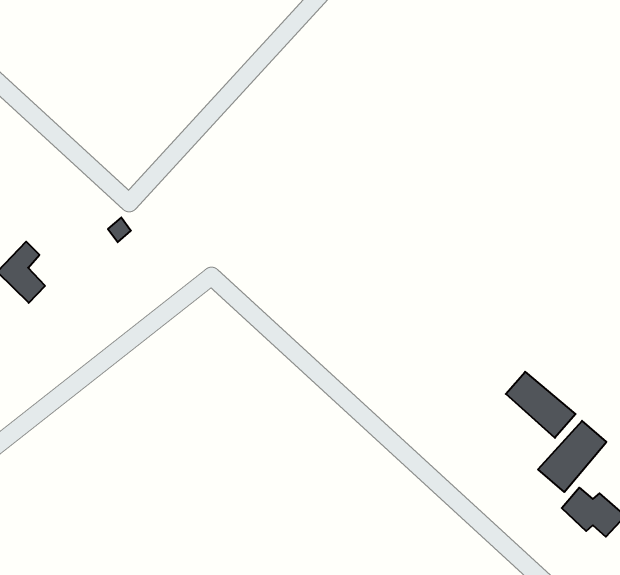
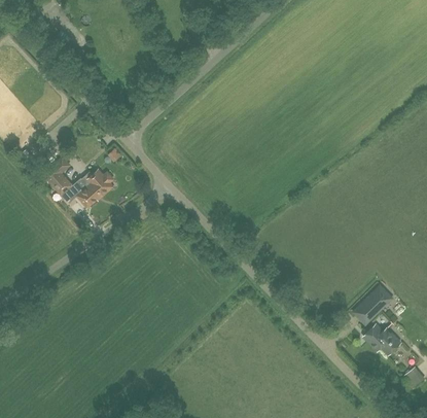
building: none -> [76,168,113,206]
building: [506,372,576,438] -> none

